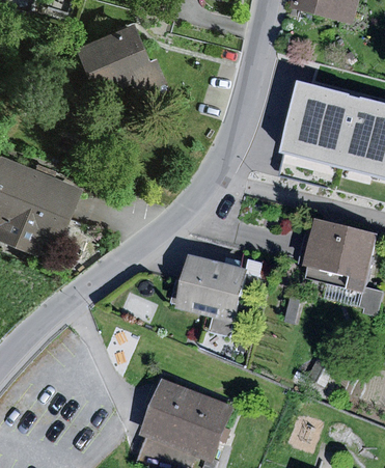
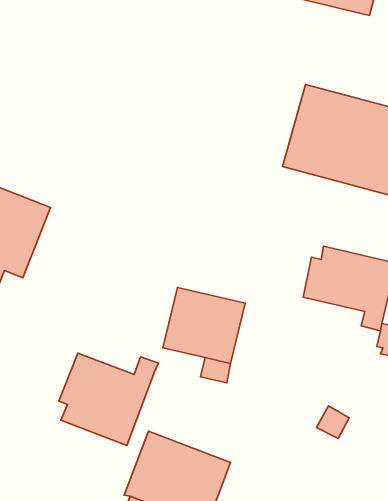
building: [68,20,163,95] -> none
building: none -> [59,353,158,445]

